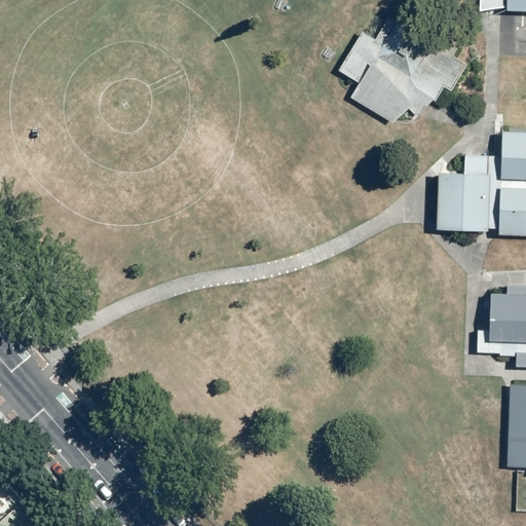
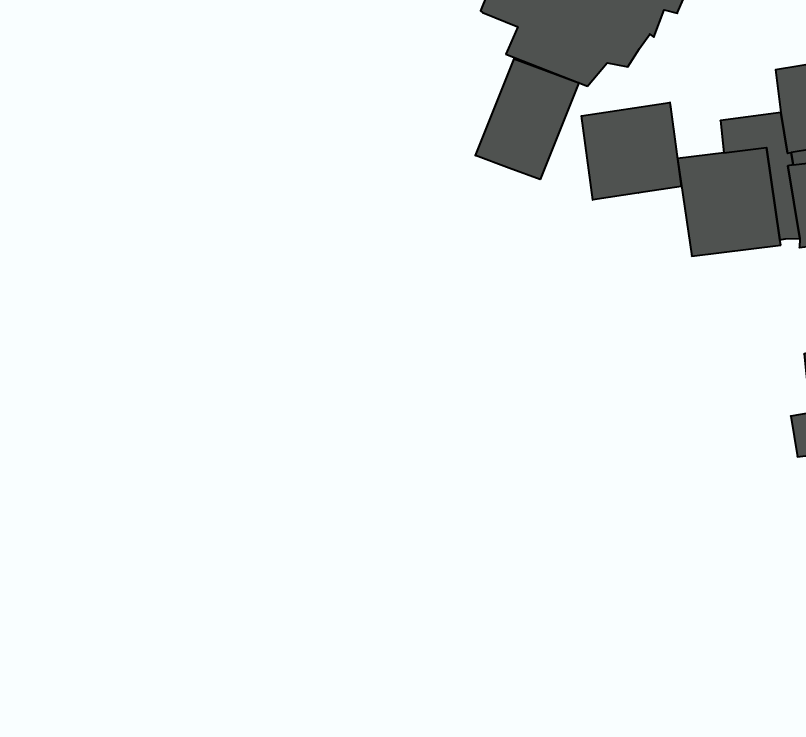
building: none -> [475,59,579,179]
building: none -> [581,102,681,200]

